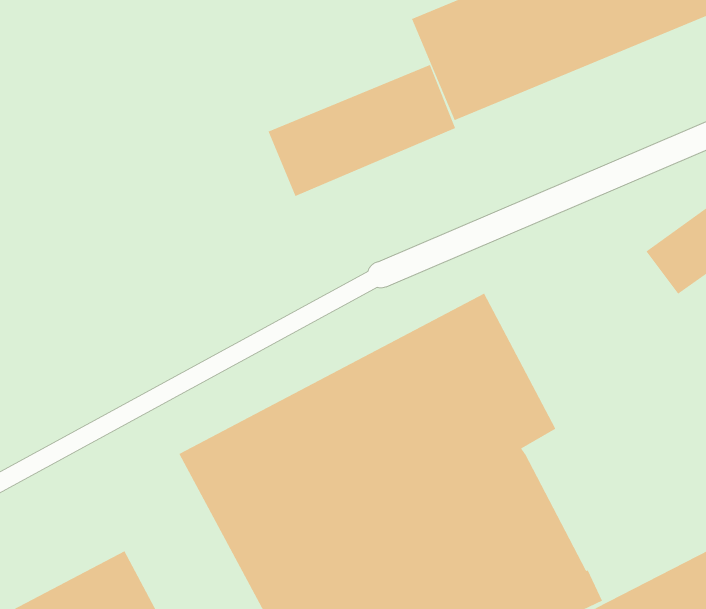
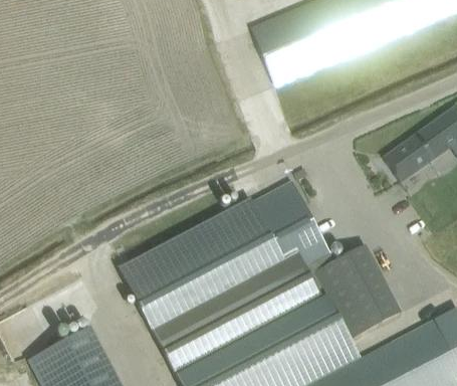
building: [268,64,456,197] -> none
building: none -> [313,246,401,339]

